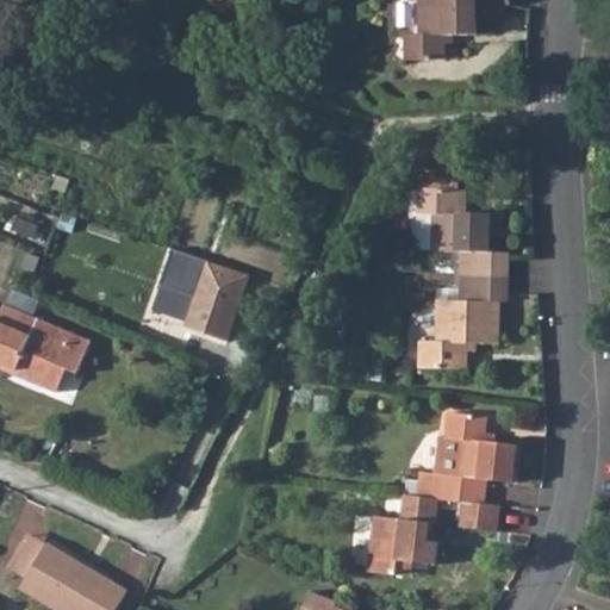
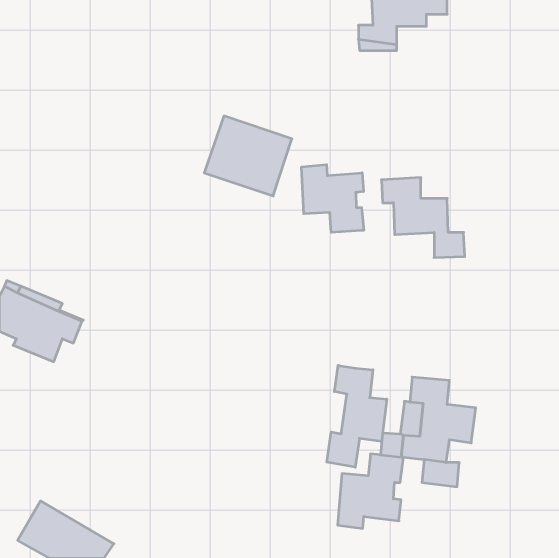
building: none -> [302,165,364,232]
building: [151,249,247,336] -> [204,116,292,196]
building: [416,279,506,372] -> none
building: none -> [327,365,387,467]

